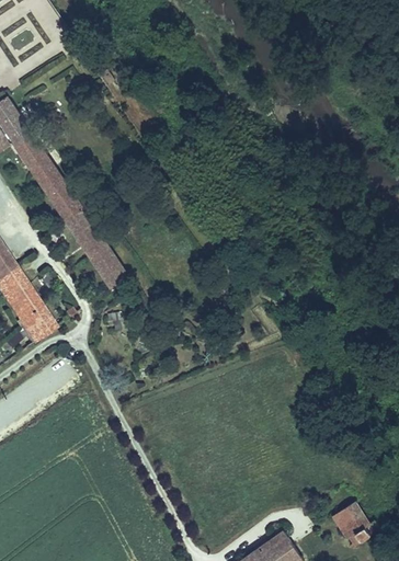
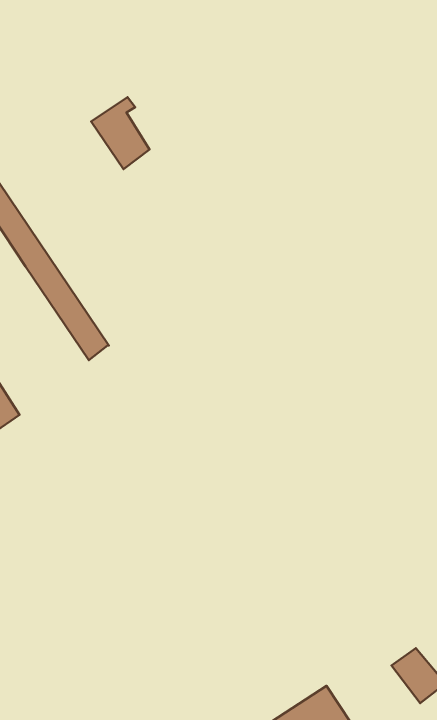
building: none -> [91,97,150,169]

